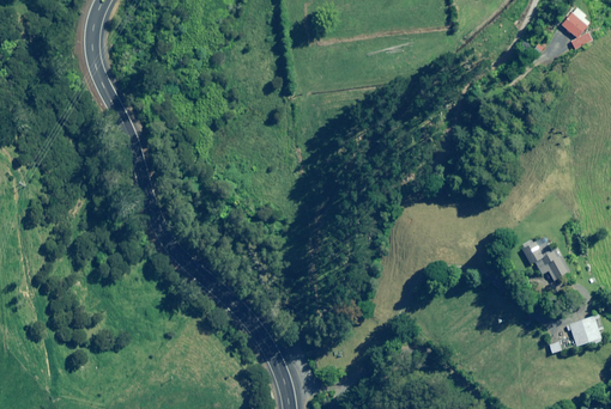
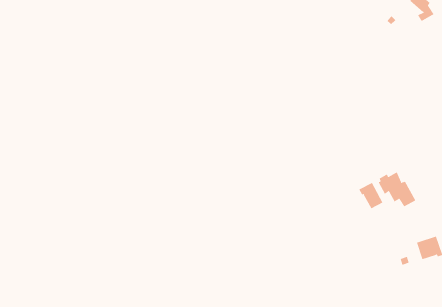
building: none -> [358,182,383,209]

